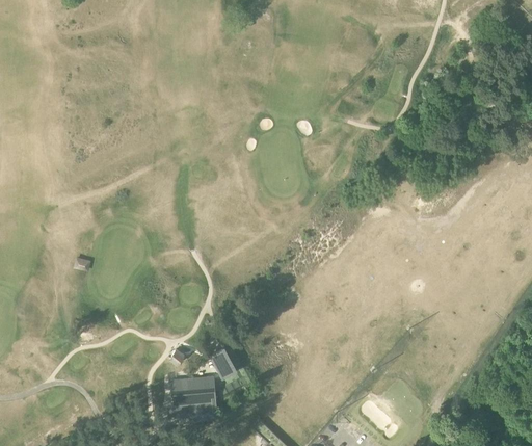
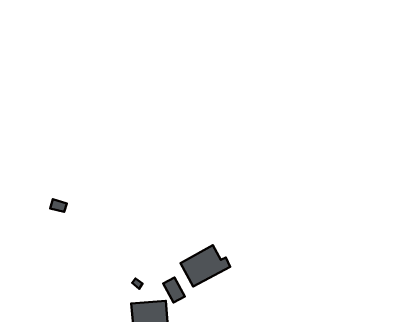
building: none -> [180,245,230,286]

